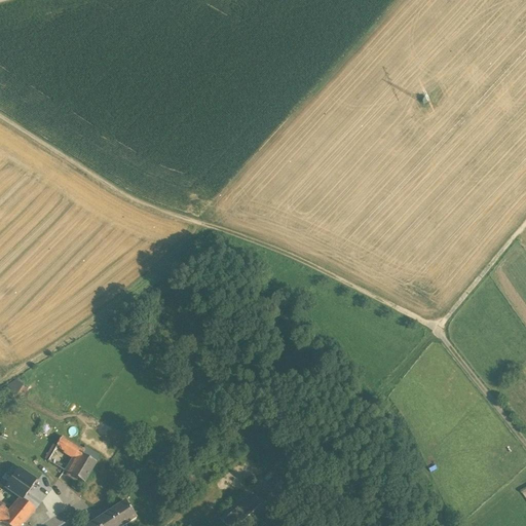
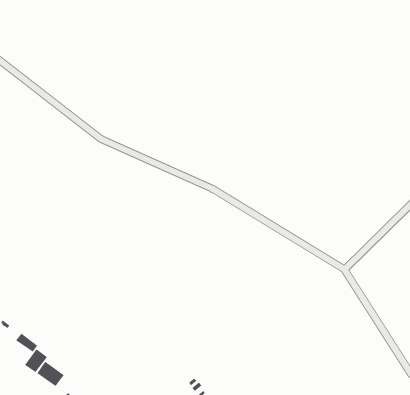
building: none -> [36,361,64,387]

